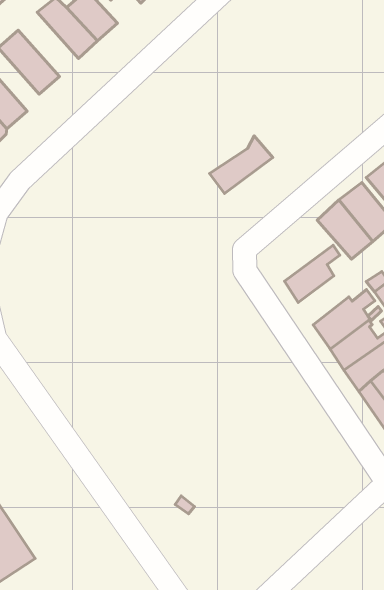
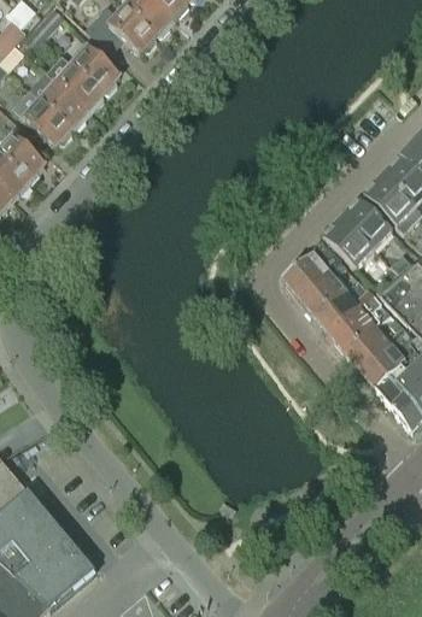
building: none -> [30,72,88,129]
building: [209,136,273,193] -> [282,240,339,295]
building: none -> [312,280,374,333]

